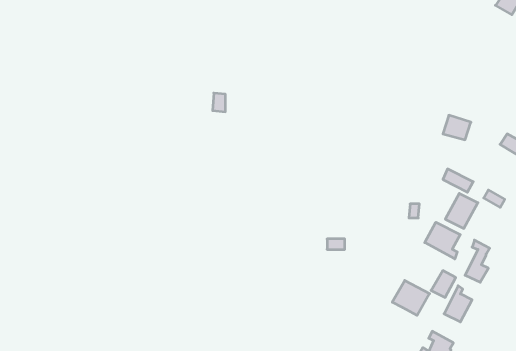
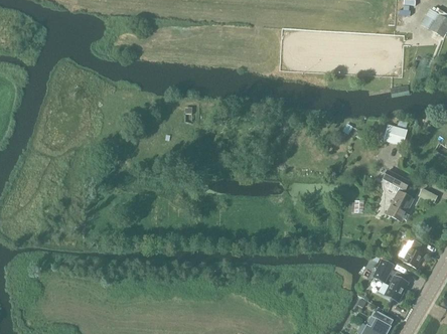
building: [425,222,460,259] -> none
building: [392,280,430,315] -> none

